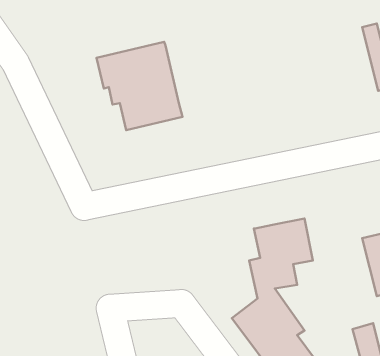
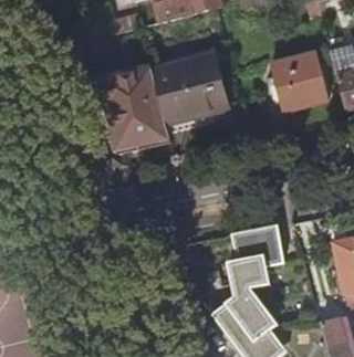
building: none -> [269,53,327,111]
building: none -> [153,55,228,122]

